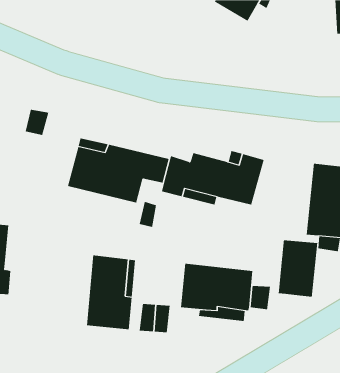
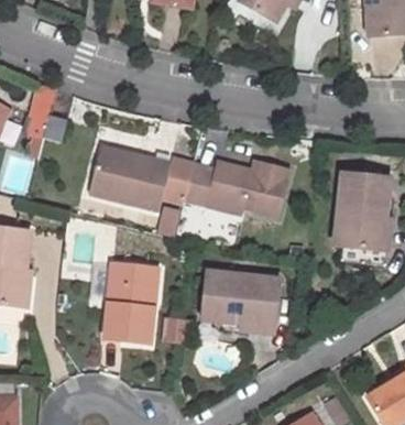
building: [278,240,318,298] -> none

